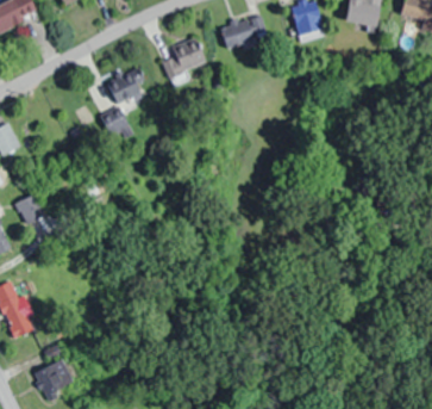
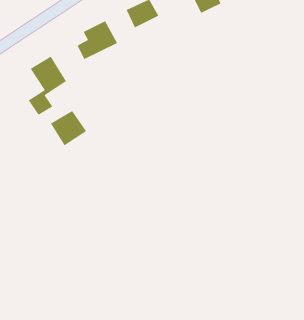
building: none -> [50,110,87,146]

